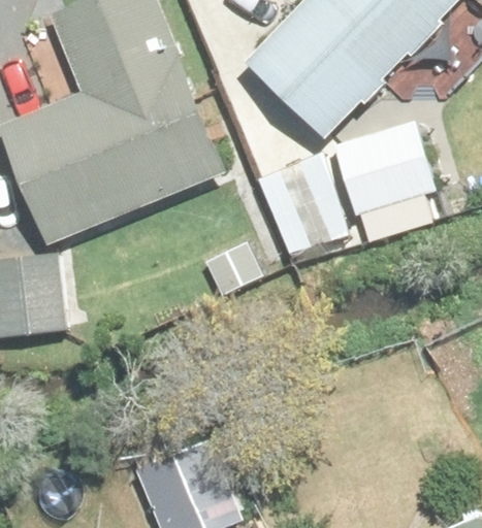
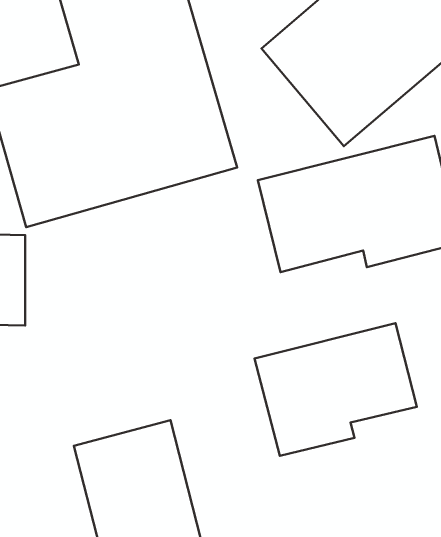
building: none -> [255,323,417,456]

